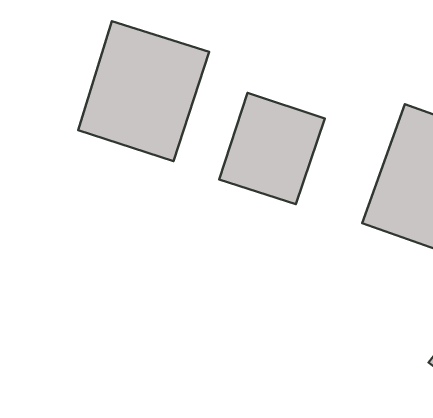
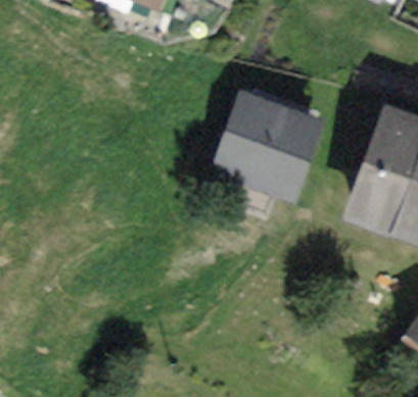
building: [78,21,209,161] -> none

